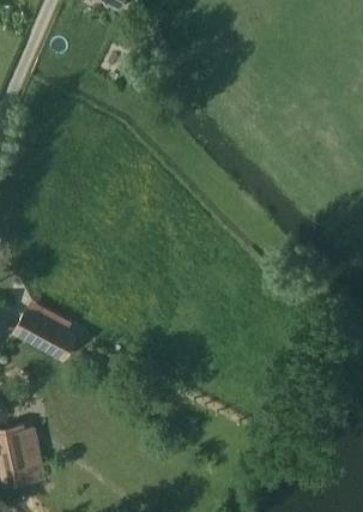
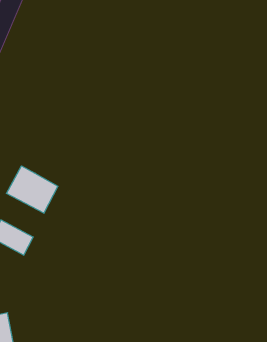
building: none -> [6,166,58,213]

